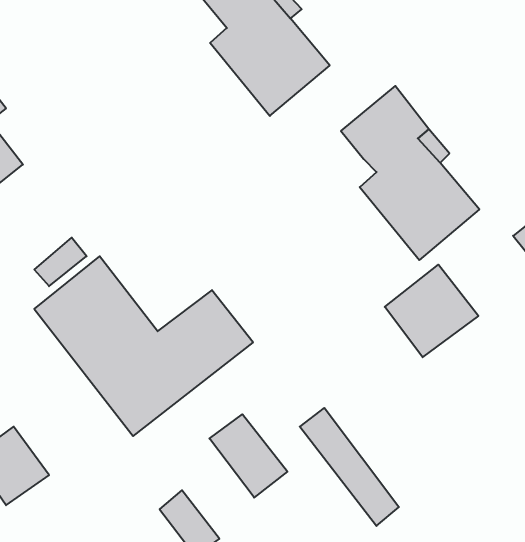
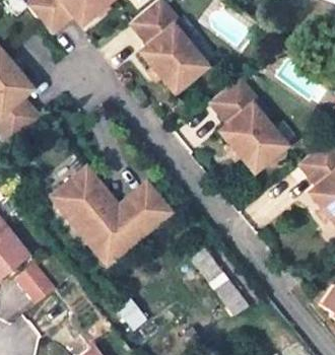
building: [385,265,478,357] -> none
building: [209,414,287,498] -> none

